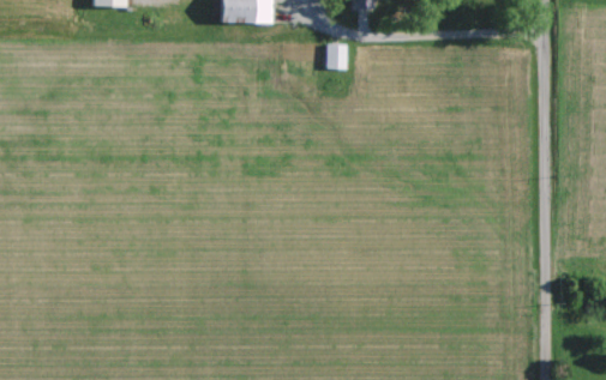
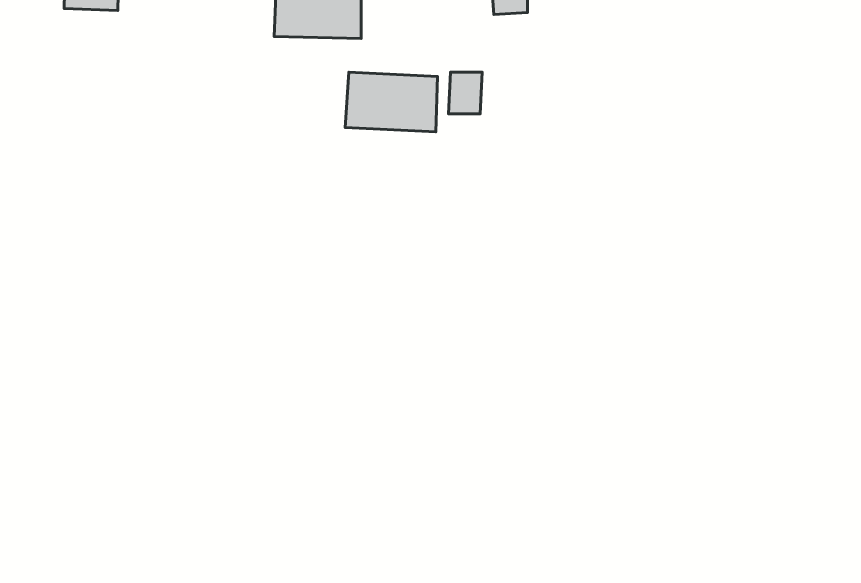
building: none -> [345,72,438,132]

